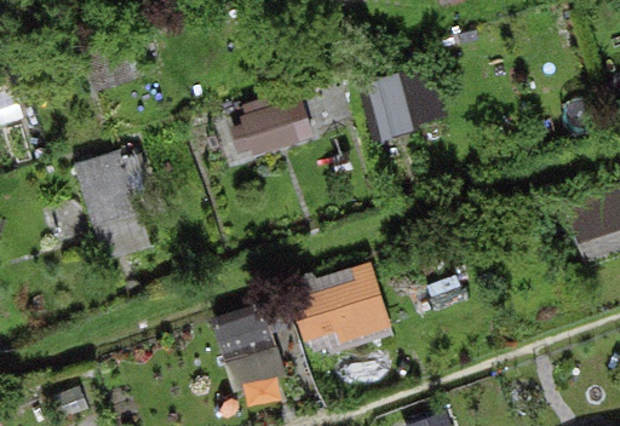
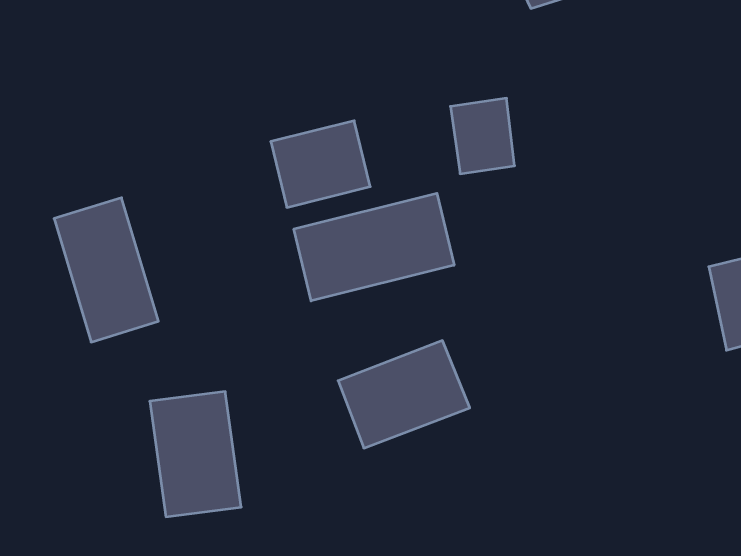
building: none -> [294,193,454,301]
building: [218,307,287,402] -> [150,392,241,517]

